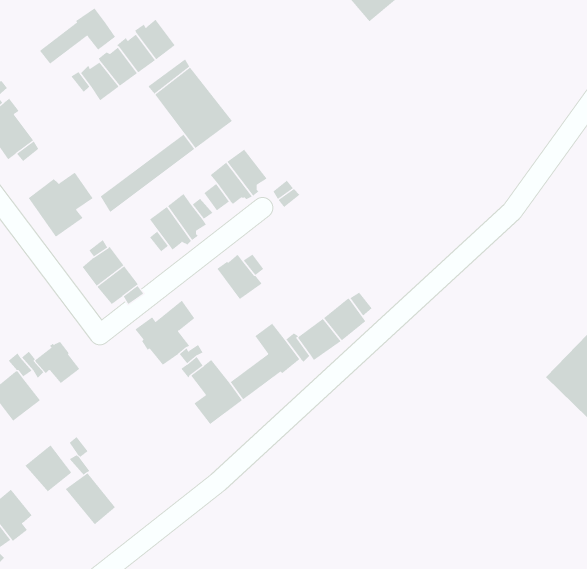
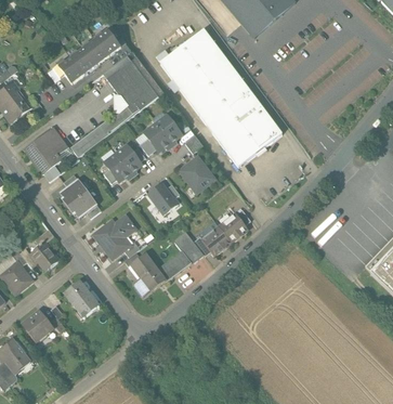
building: [39,7,116,65] -> none
building: none -> [160,28,281,165]
building: none -> [180,155,214,192]
building: [65,473,116,525] -> [65,281,99,315]

